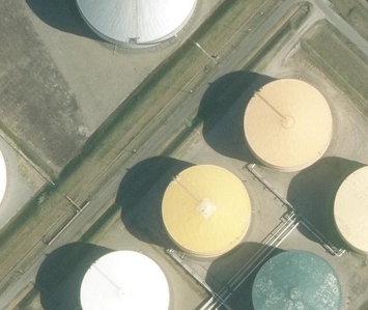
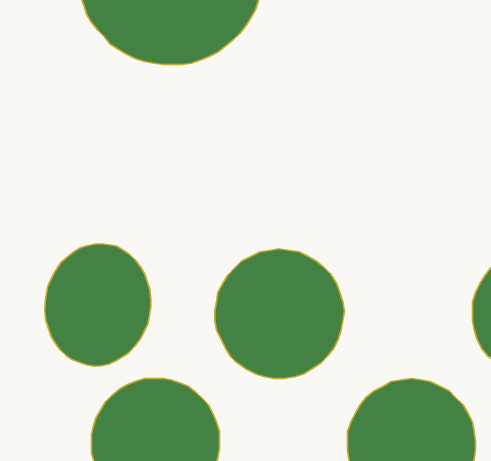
building: [243,79,329,165] -> none
building: none -> [45,244,151,366]

